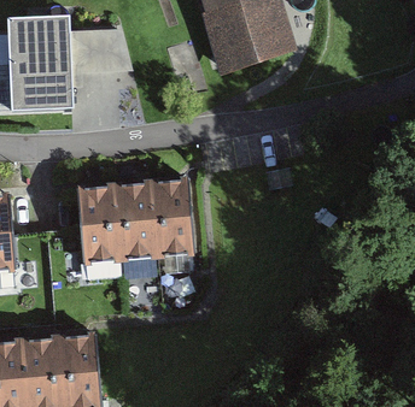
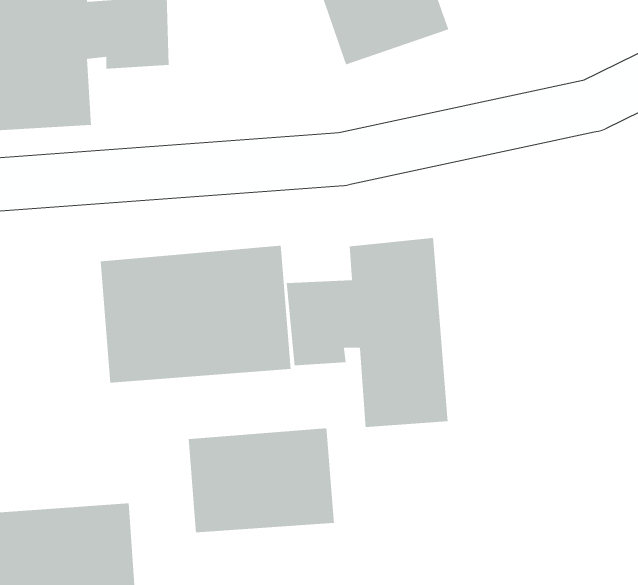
building: none -> [286,237,448,428]
building: none -> [188,427,334,533]

